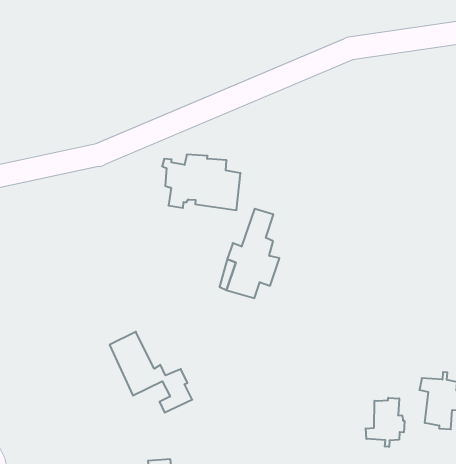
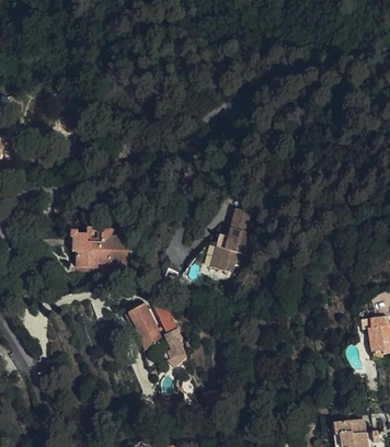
building: [162,155,241,210] -> [70,225,128,264]
building: [366,398,404,447] -> none

